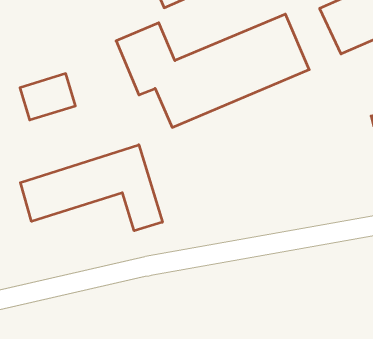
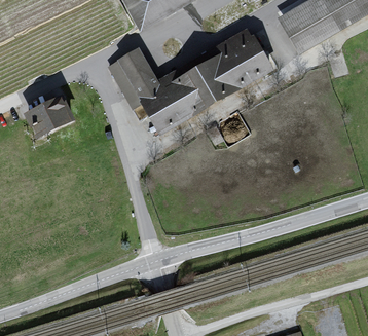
building: [20,145,162,231] -> none

